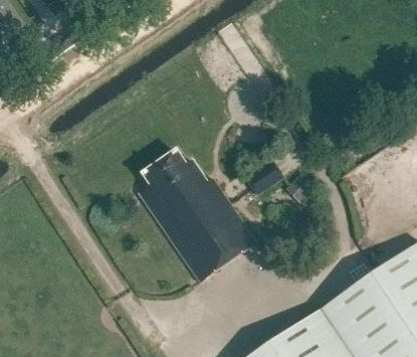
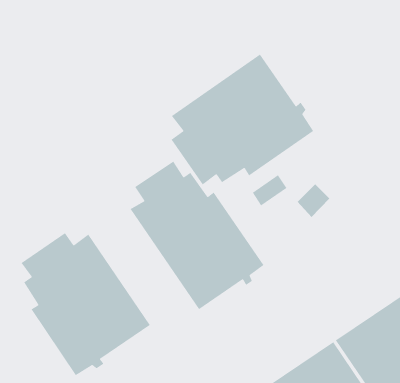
building: none -> [170,54,314,185]
building: none -> [21,232,151,376]

